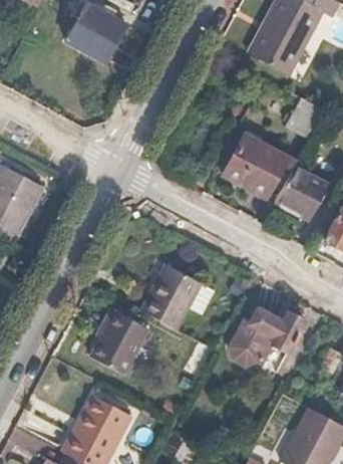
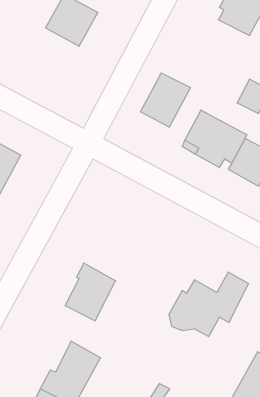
building: [252,31,299,73] -> none
building: none -> [141,73,190,127]
building: [138,265,218,330] -> none

